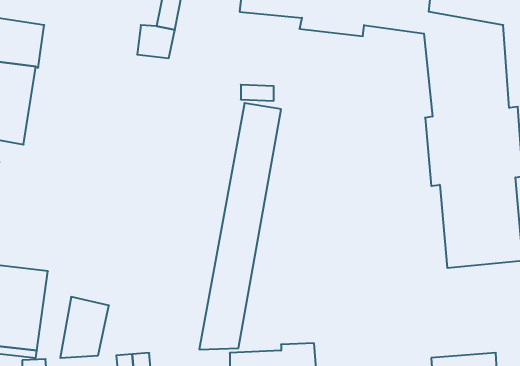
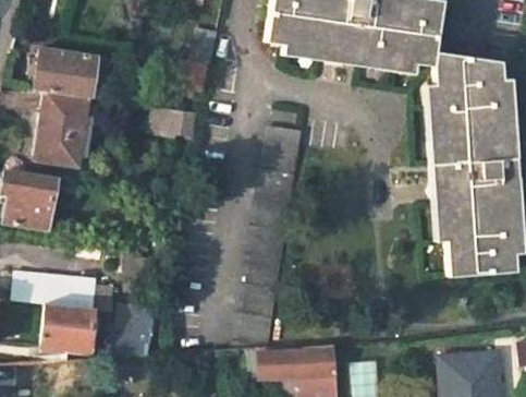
building: none -> [150,106,195,136]

